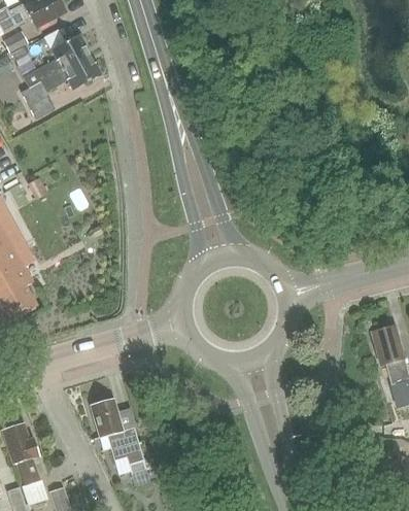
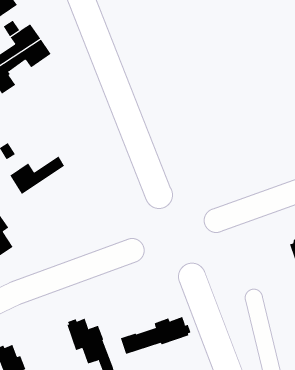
building: none -> [9,156,65,195]
building: none -> [120,316,191,355]

